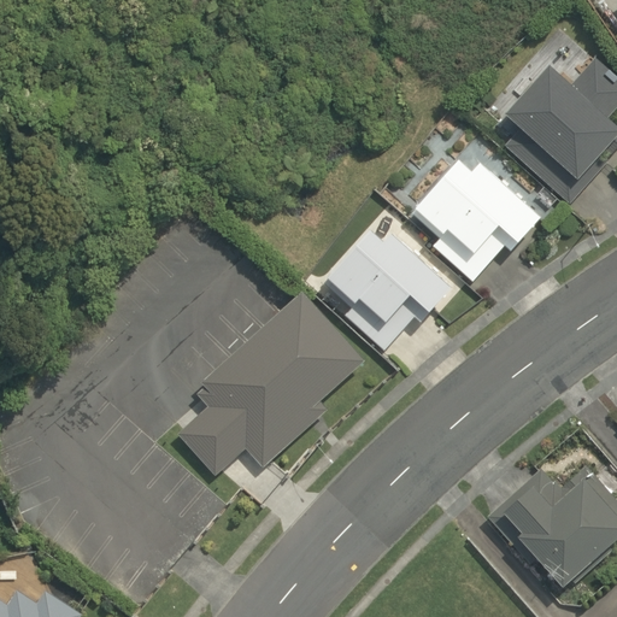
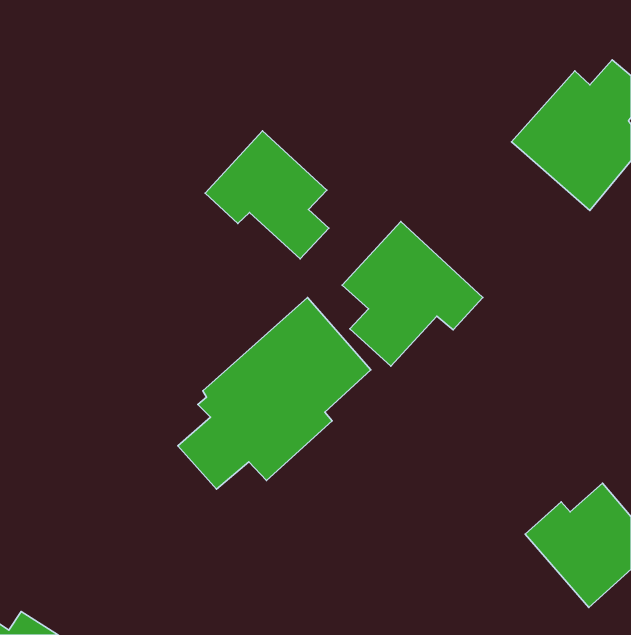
building: none -> [205,131,329,259]
building: [422,152,547,283] -> none

